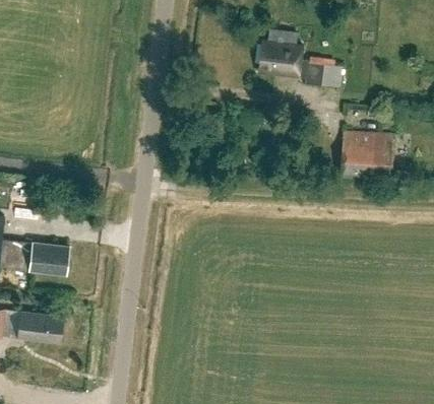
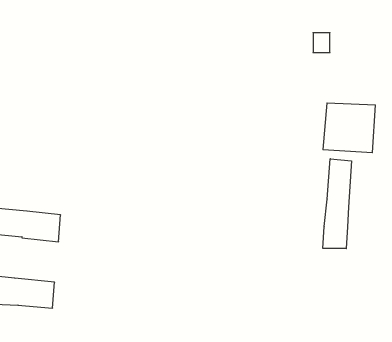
building: [256,43,323,87] -> none
building: none -> [323,159,351,249]

